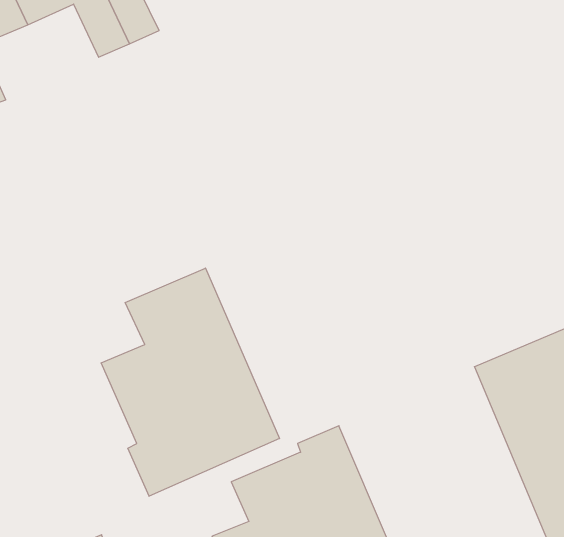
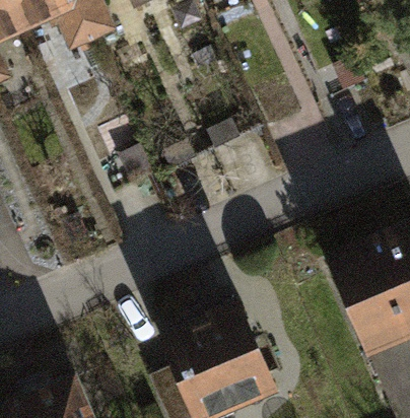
building: [101,268,279,496] -> none

